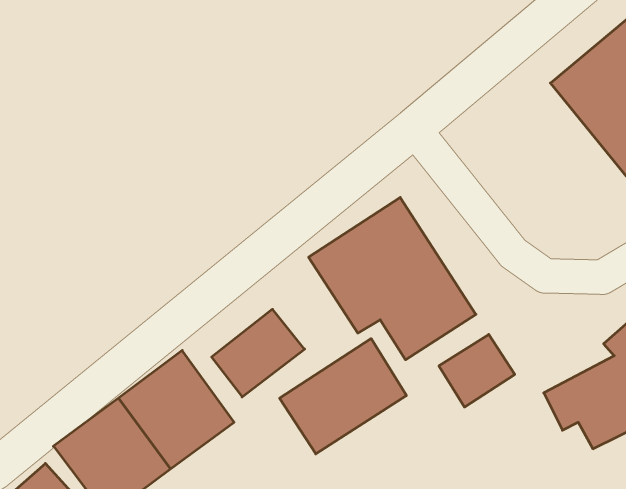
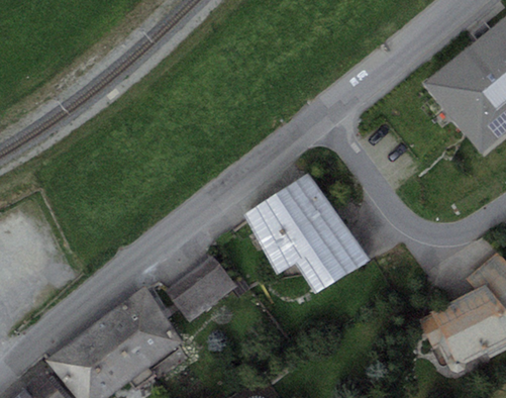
building: [439,334,515,407] -> none
building: [280,339,406,454] -> none

